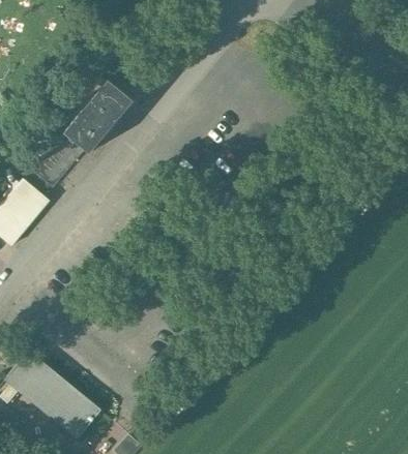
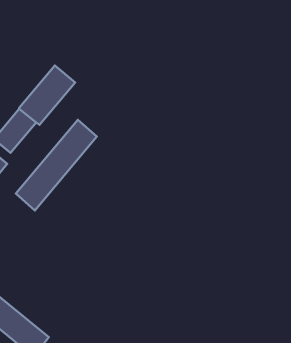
building: none -> [16,120,97,210]

